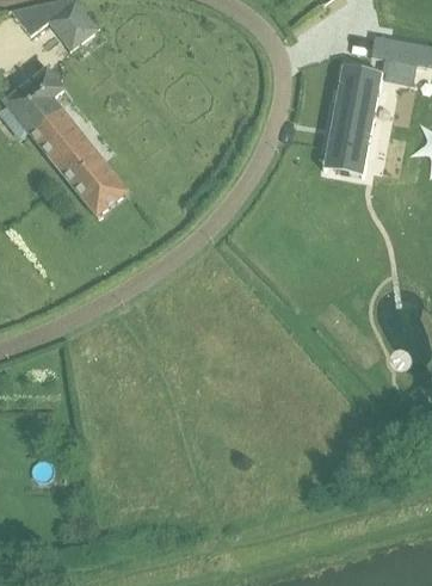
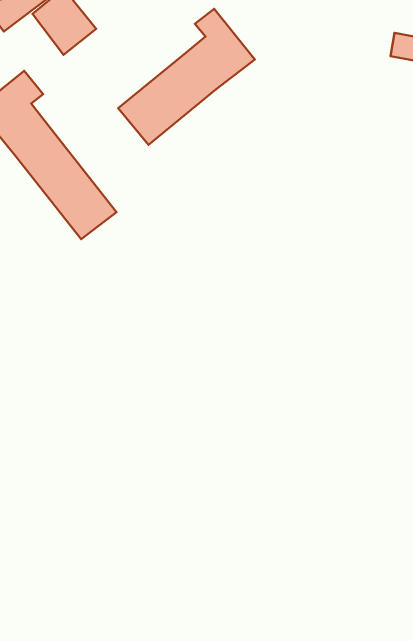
building: none -> [118,9,255,145]
building: [325,70,378,180] -> none

